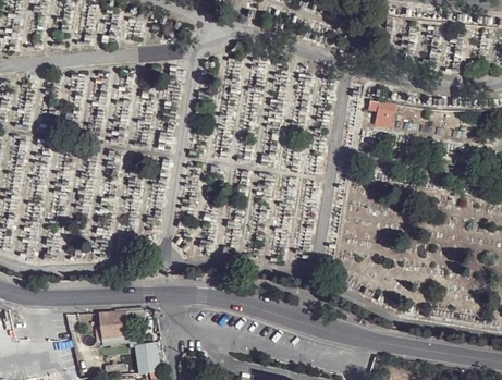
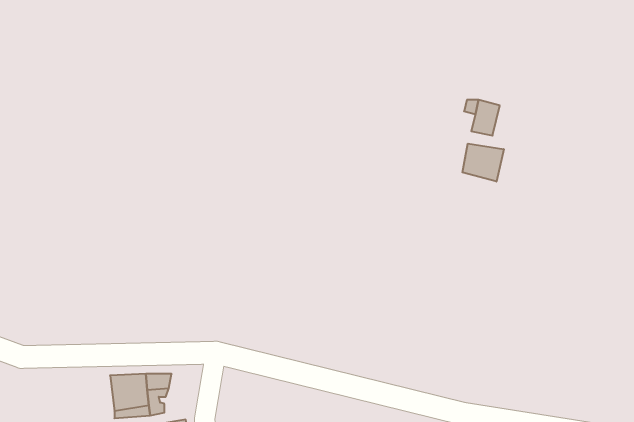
building: none -> [462,144,504,182]

